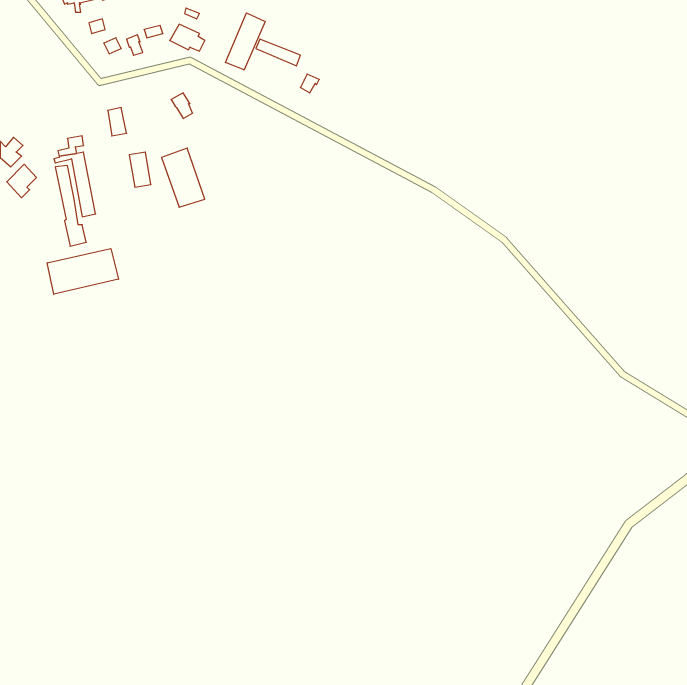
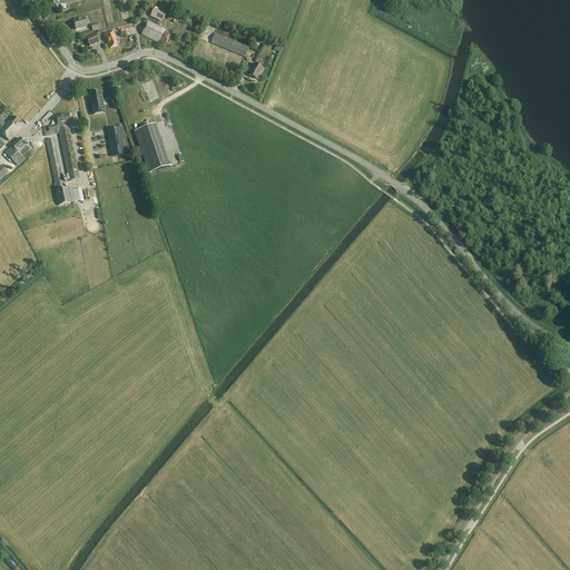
building: [225,13,265,70] -> none
building: [47,249,119,294] -> none

